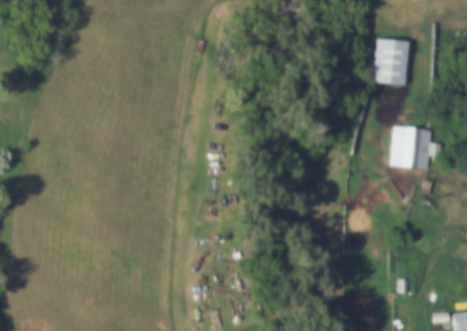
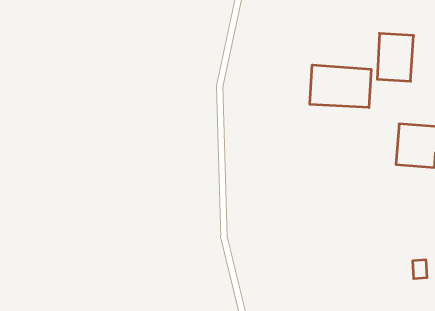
building: none -> [310,65,371,108]

